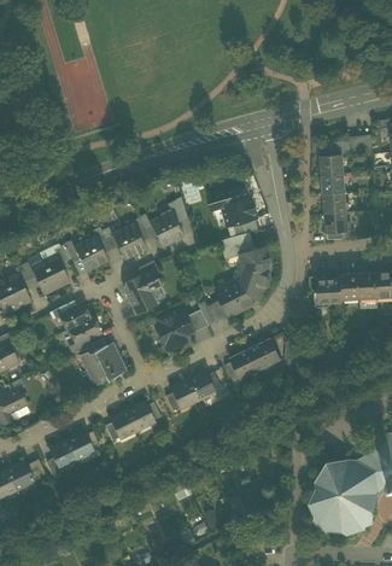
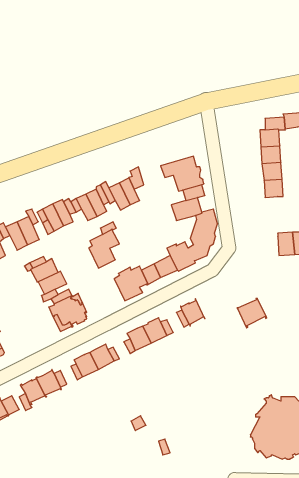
building: [316,279,341,304] -> none
building: [246,339,280,373] -> [237,298,267,328]

